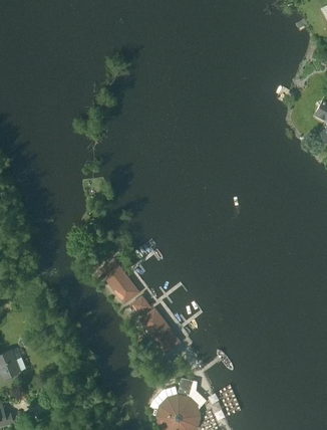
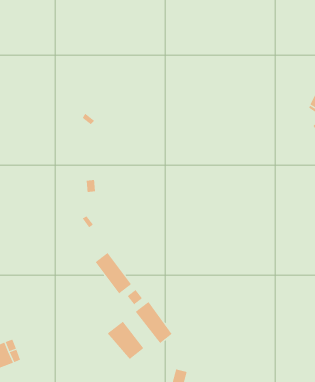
building: none -> [107,321,144,360]

